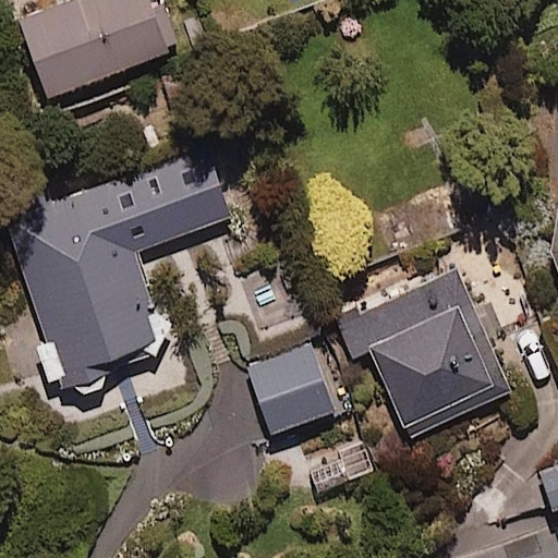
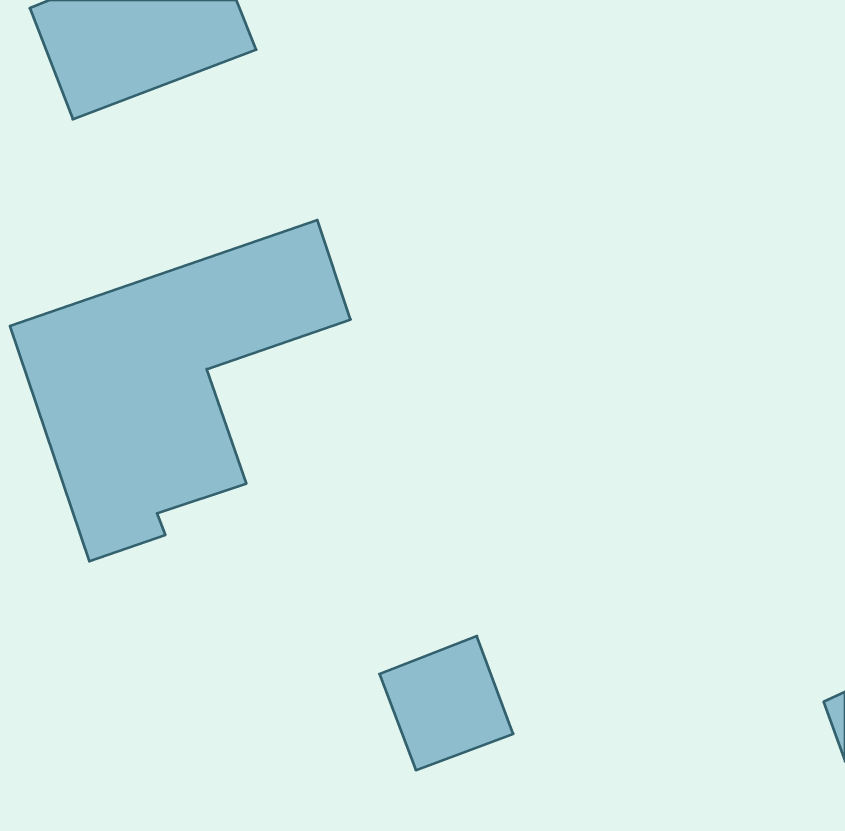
building: [336,270,510,432] -> none
building: [247,344,336,433] -> [379,636,513,770]

